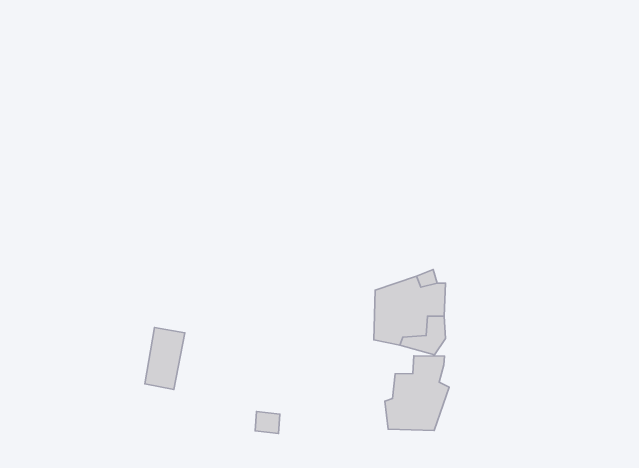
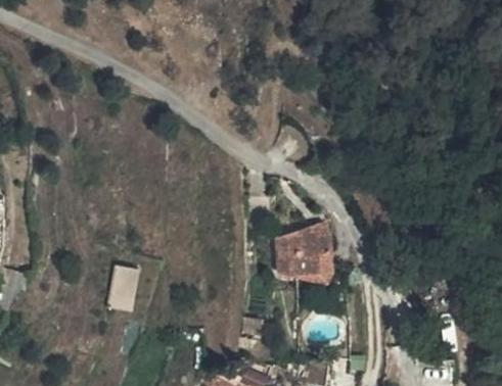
building: [385,356,449,430] -> none

